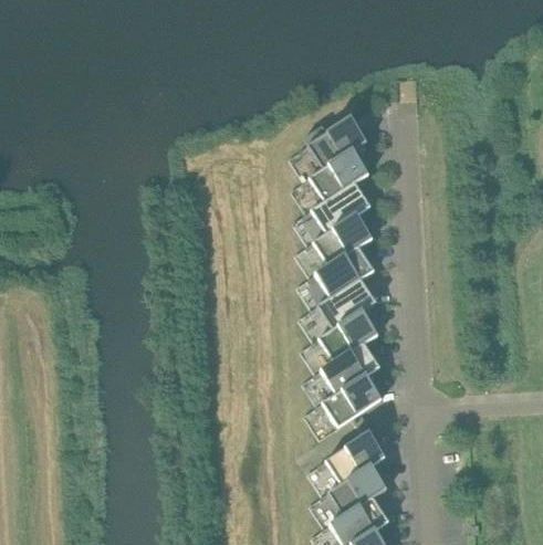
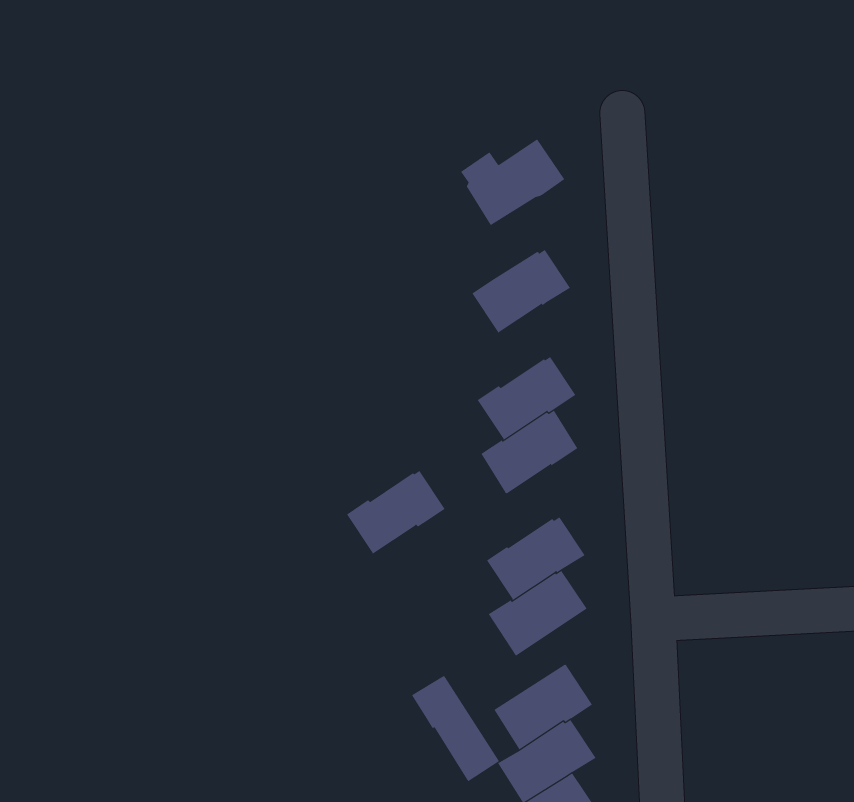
building: [309,150,368,200] -> none
building: [312,214,372,265] -> none
building: [317,311,377,361] -> [346,470,446,555]
building: none -> [411,675,500,782]

